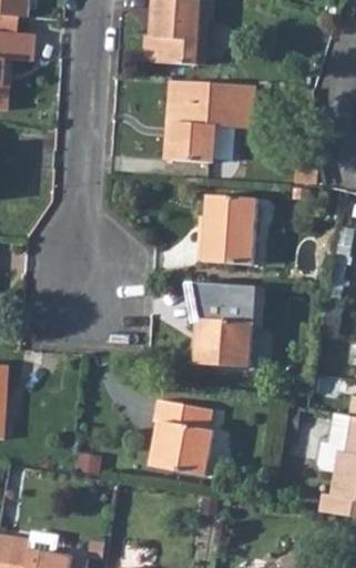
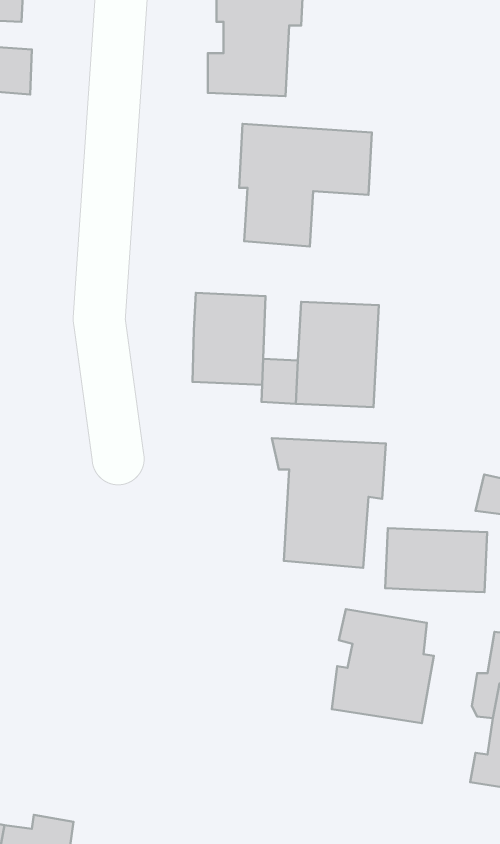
building: none -> [192,293,266,385]
building: none -> [385,528,487,592]
building: [148,399,213,473] -> [332,609,434,723]

